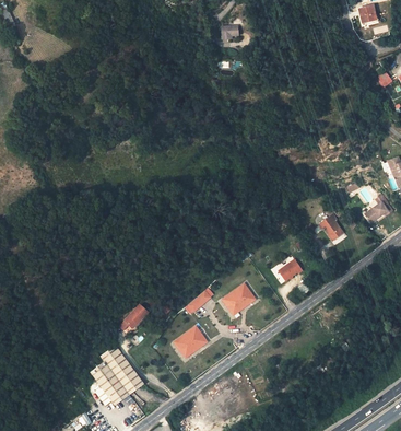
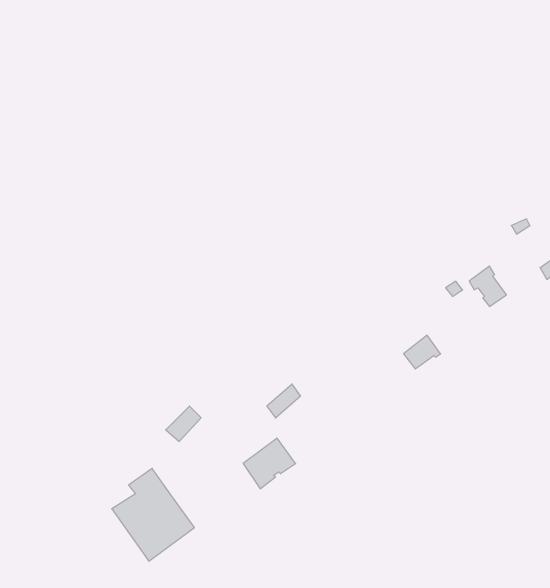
building: [221,283,256,317] -> none

